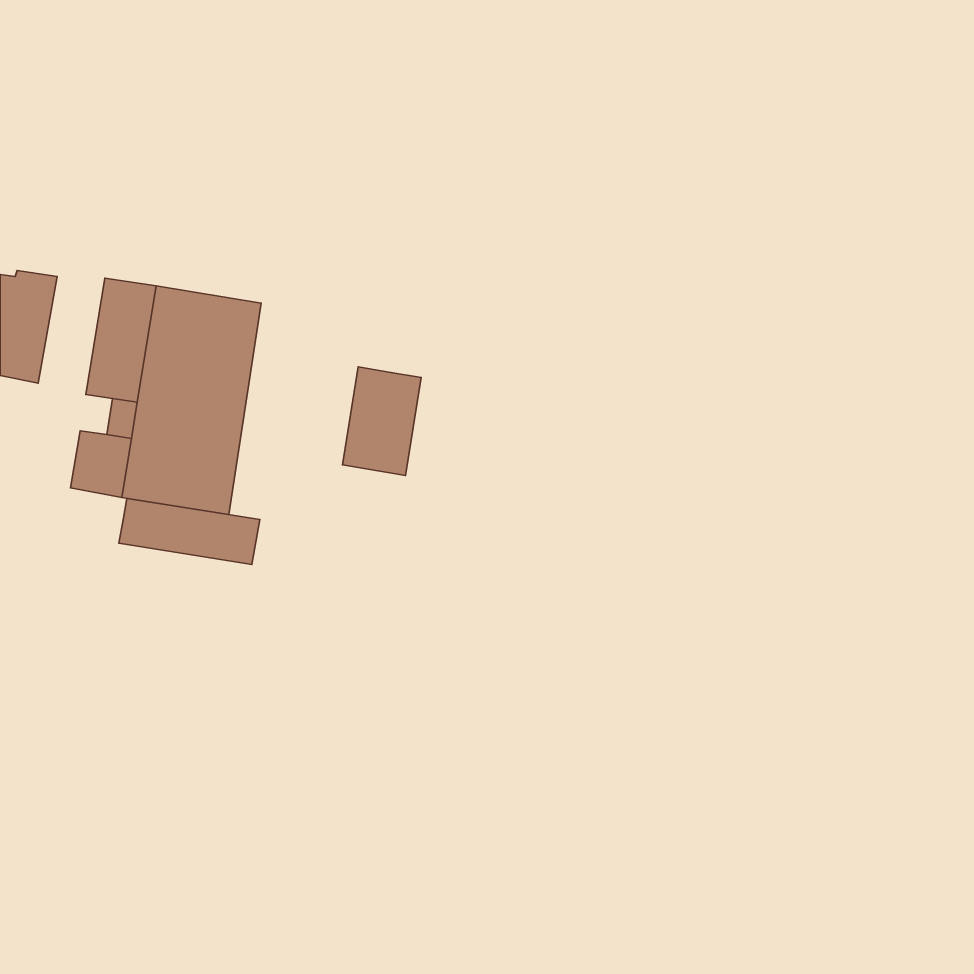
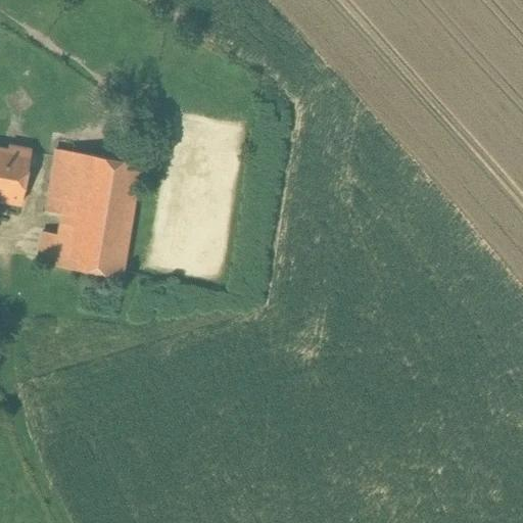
building: [343,367,421,476] -> none
building: [119,498,260,564] -> none

